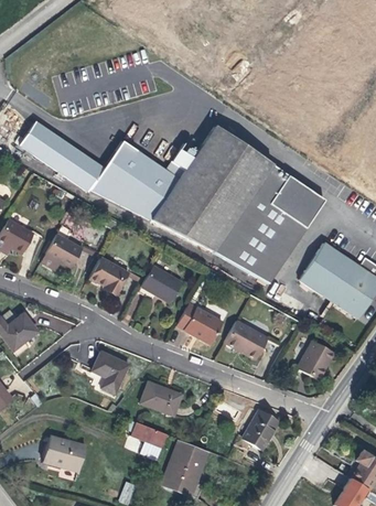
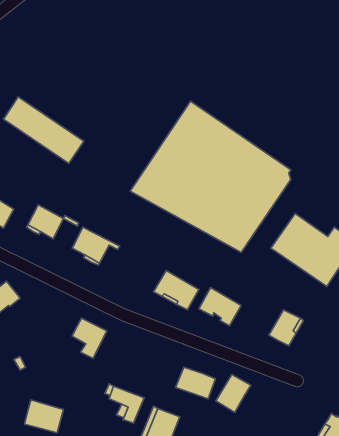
building: [89,141,182,219] -> none
building: [140,265,184,302] -> none
building: [140,383,182,416] -> [175,367,216,399]

